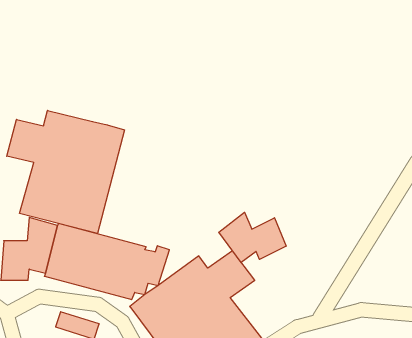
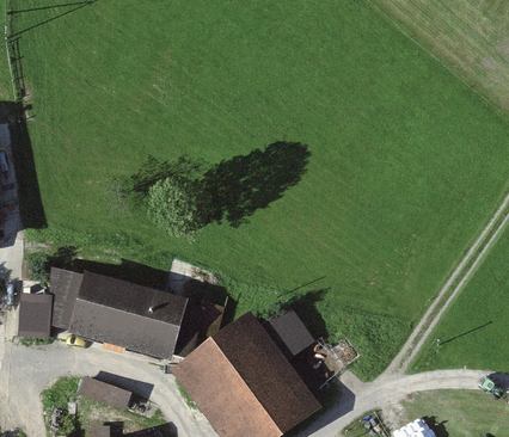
building: [7,110,124,233] -> none
building: [219,212,286,262] -> none

